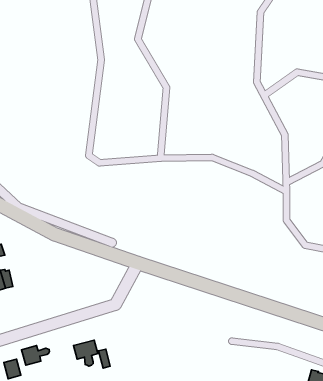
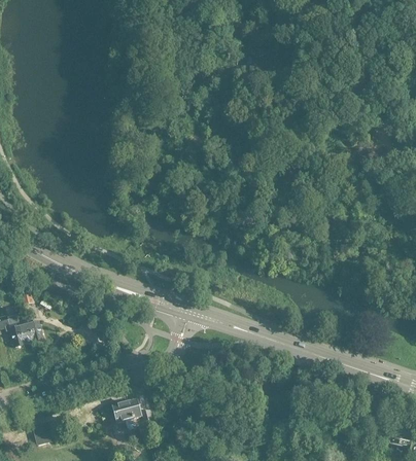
building: [21,346,50,365] -> none

